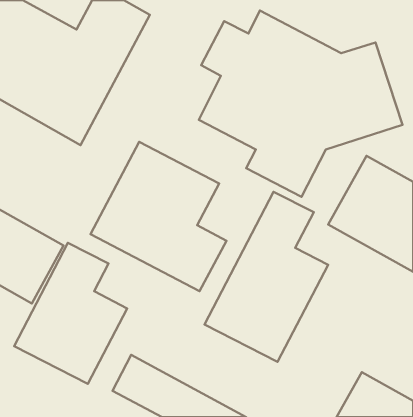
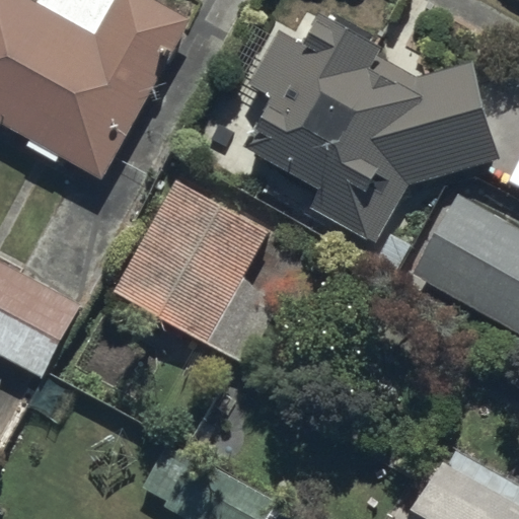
building: [204,192,328,362] -> none
building: [14,243,127,384] -> none

